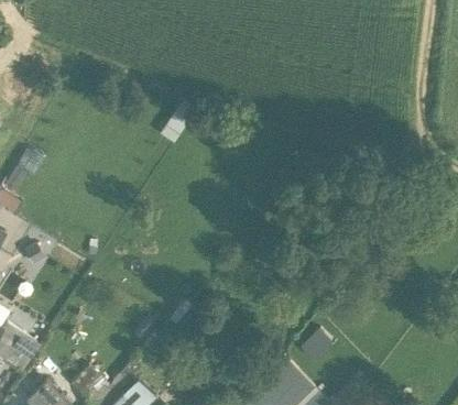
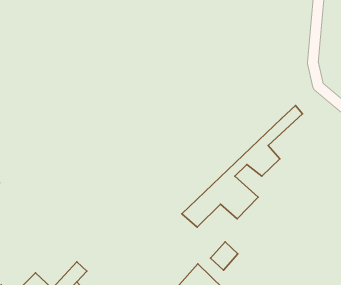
building: none -> [182,106,302,227]

